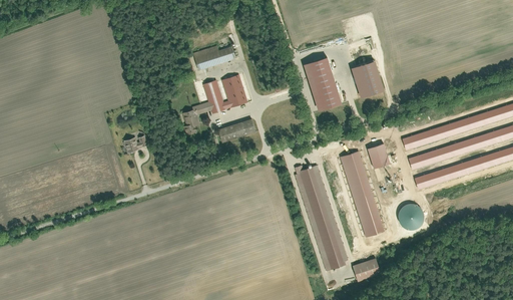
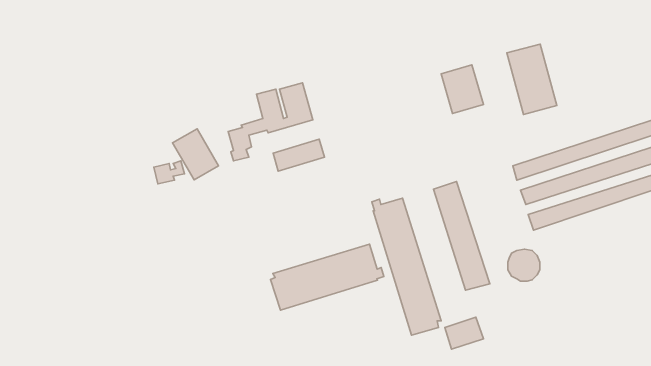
building: [192,46,234,70] -> none
building: [302,56,341,111] -> [507,44,557,114]
building: none -> [173,129,219,180]
building: [369,143,392,169] -> none
building: none -> [270,244,384,310]

